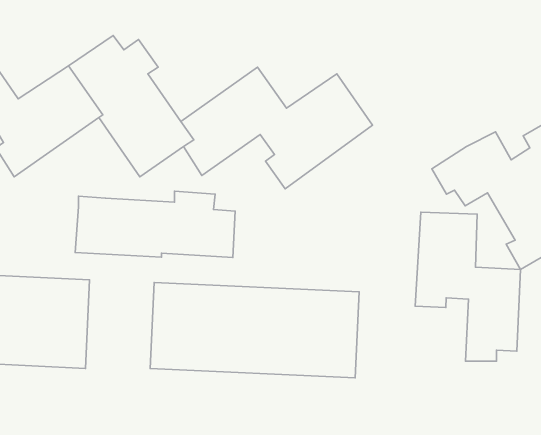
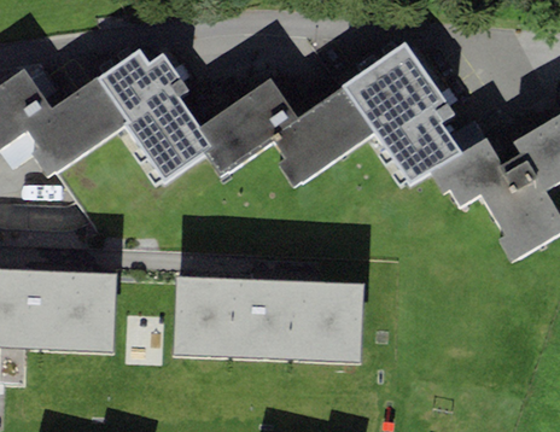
building: none -> [343,41,461,183]
building: [75,191,235,257] -> none
building: [415,212,521,361] -> none

